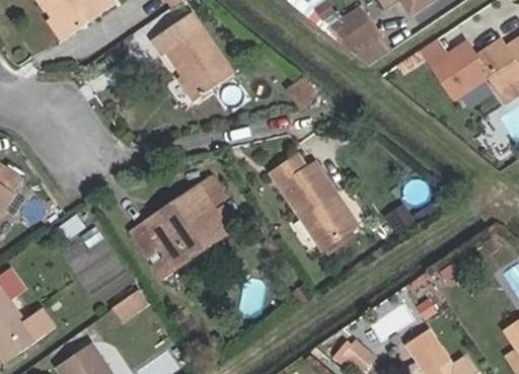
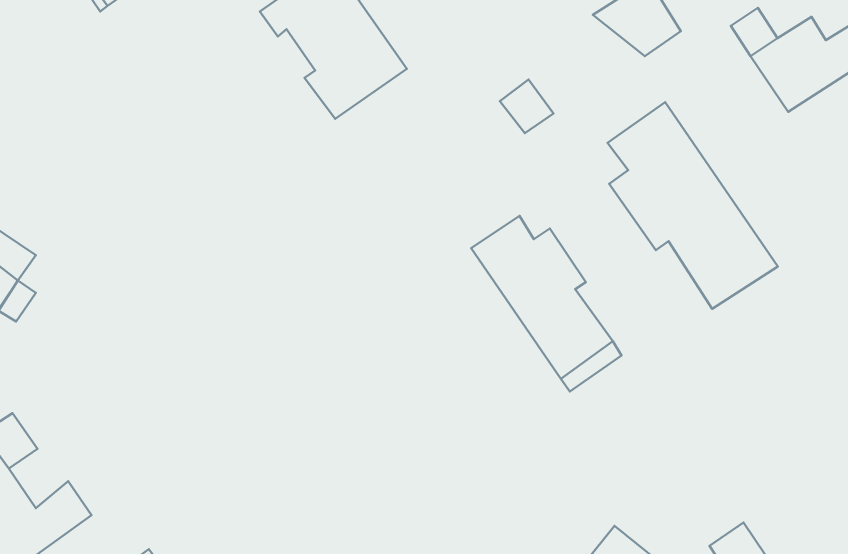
building: none -> [608,102,778,309]
building: [128,183,230,271] -> none

